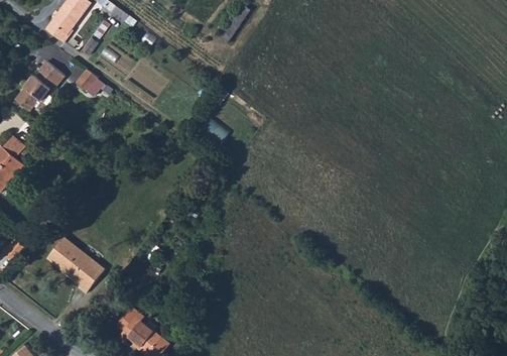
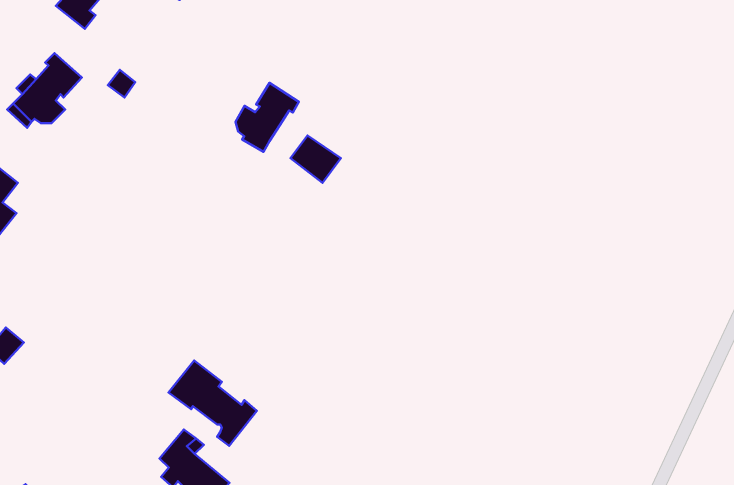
building: none -> [236,83,299,152]
building: [44,238,103,294] -> [168,361,257,446]

